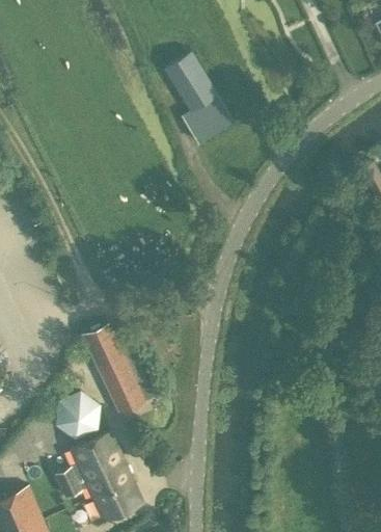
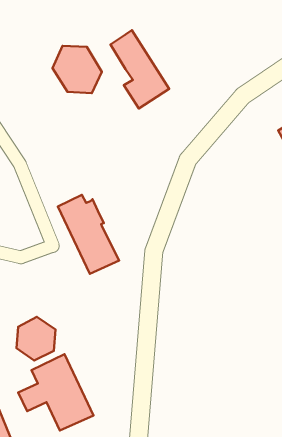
building: none -> [53,46,102,93]
building: [81,322,153,415] -> [58,195,119,274]

